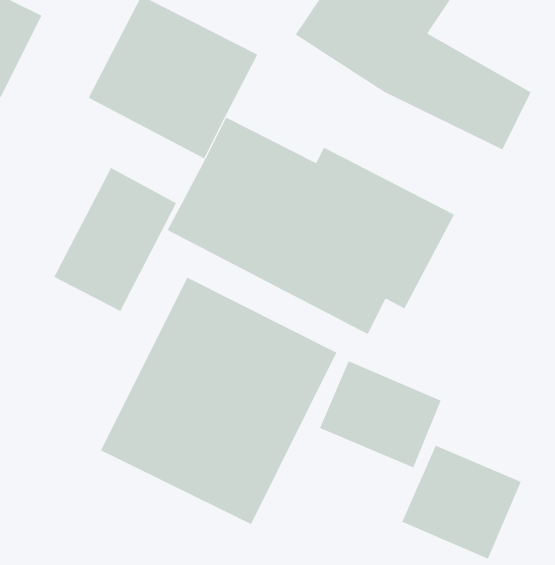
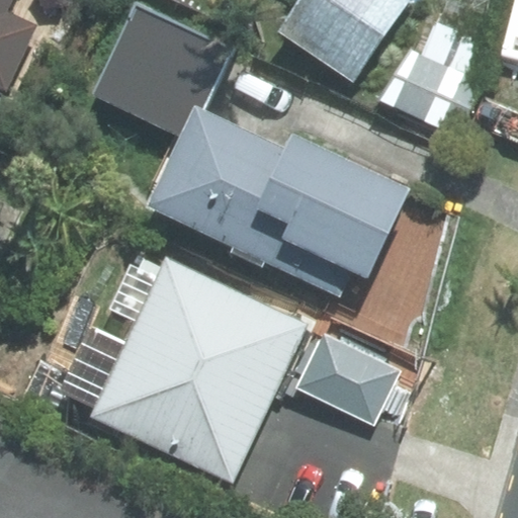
building: [54,167,177,312] -> none
building: [401,445,522,559] -> none

